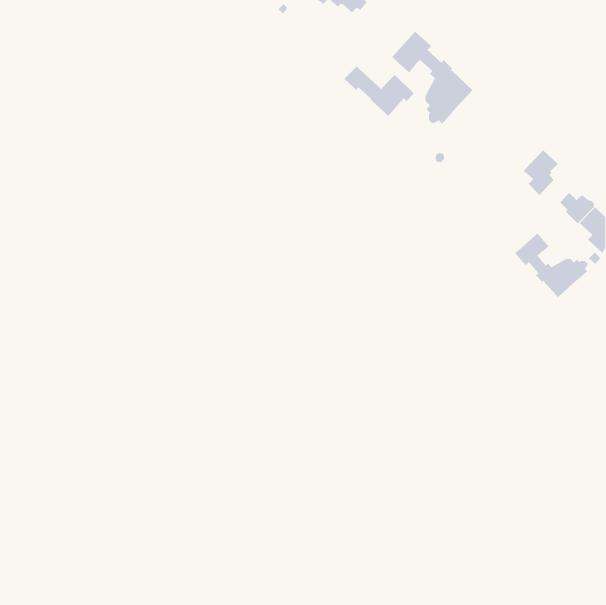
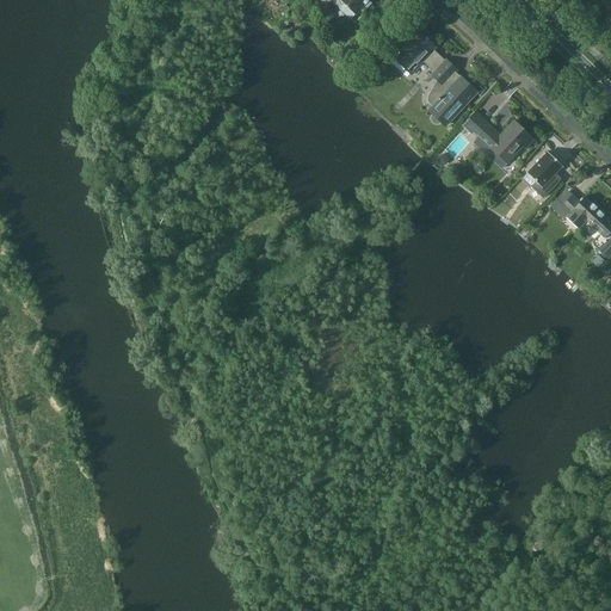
building: [343,66,414,117] -> [462,111,533,162]
building: [515,233,588,298] -> none

